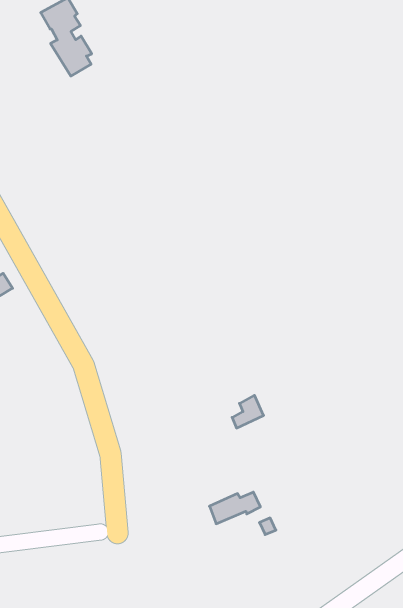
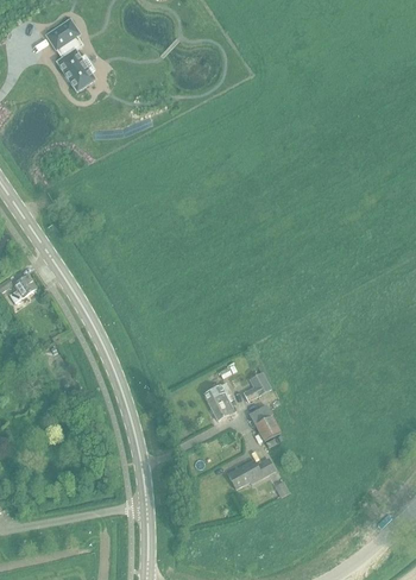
building: none -> [202,380,232,417]
building: none -> [247,402,278,439]

